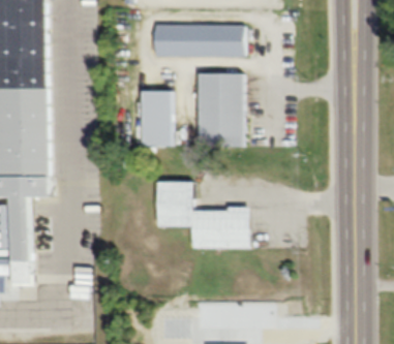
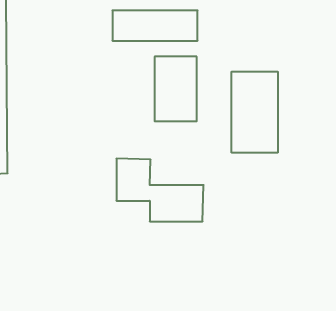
building: none -> [232,72,278,153]
building: [143,92,173,147] -> none

